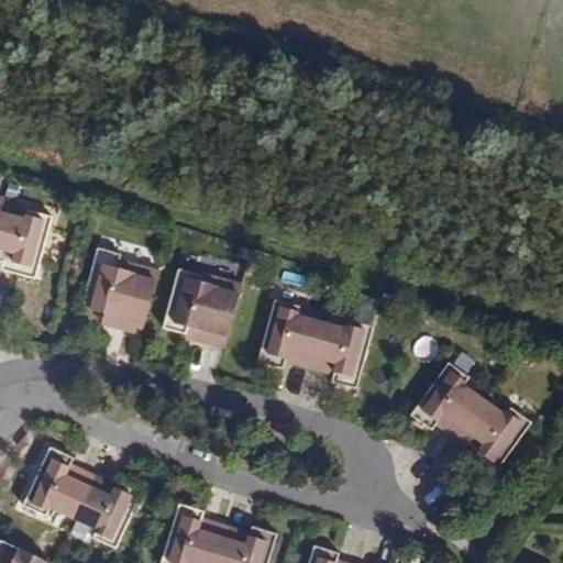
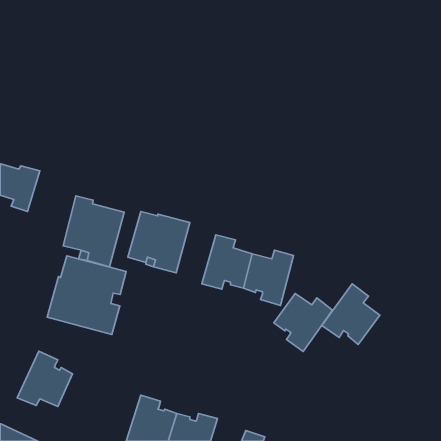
building: none -> [47,256,126,334]
building: [456,401,531,475] -> [274,294,332,351]
building: [74,476,143,550] -> none

